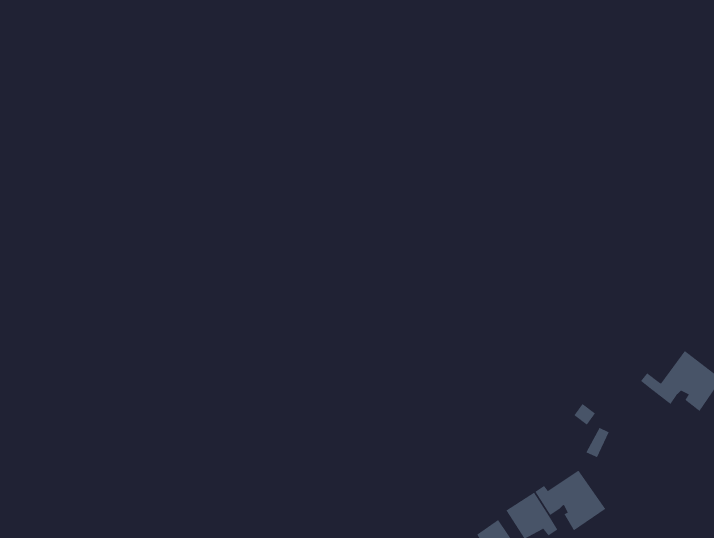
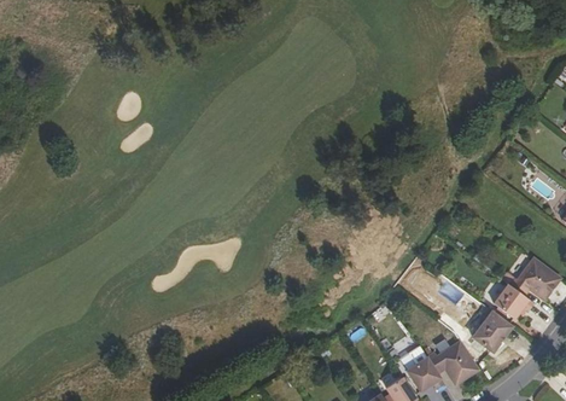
building: none -> [495,284,535,319]
building: none -> [474,309,512,351]

